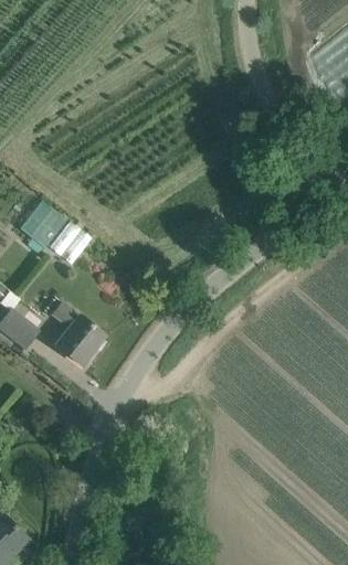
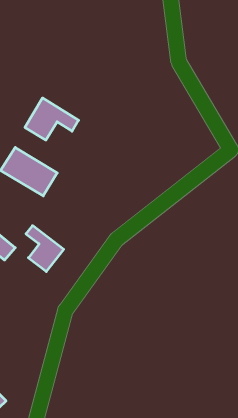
building: none -> [25,98,79,140]

